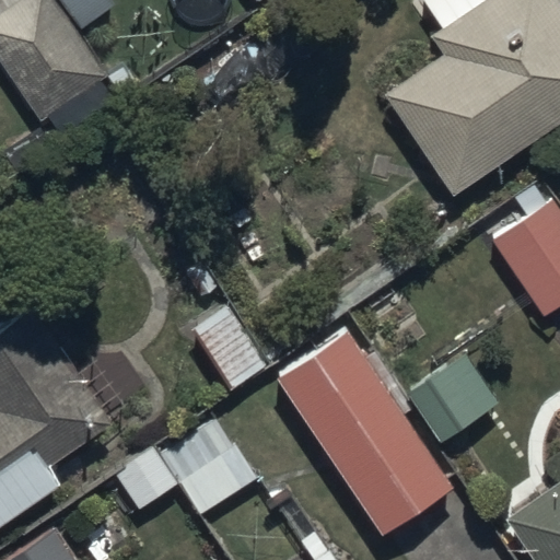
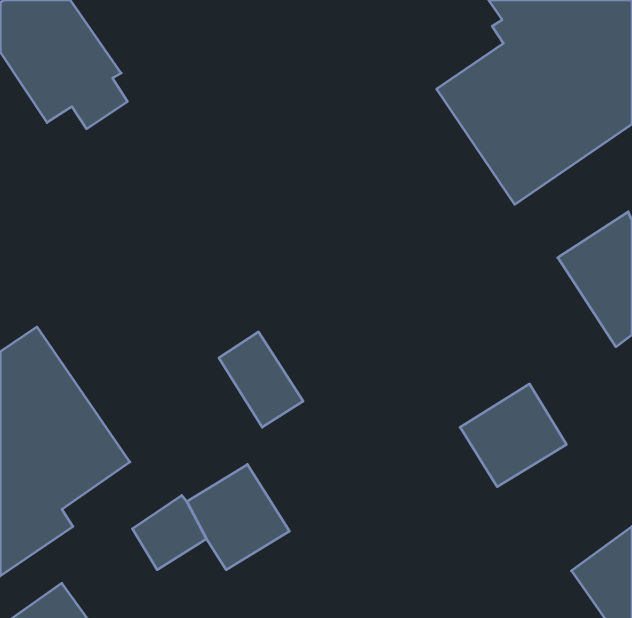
building: [277,327,453,532] -> none

